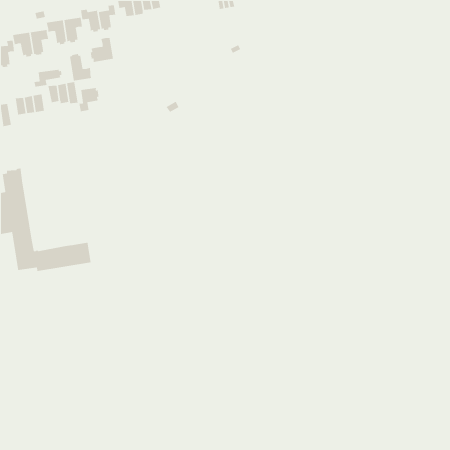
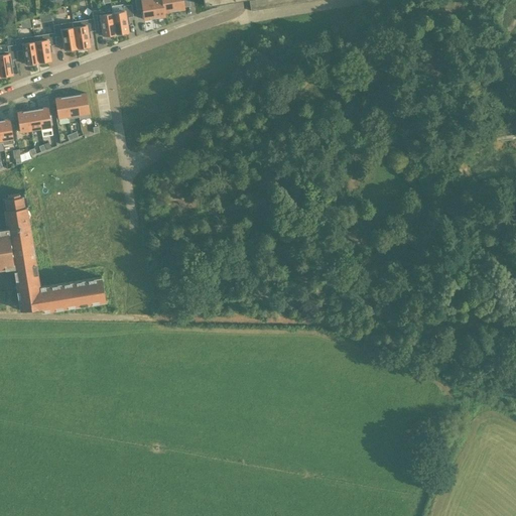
building: [90,37,114,63] -> none
building: [69,53,92,81] -> none
building: [34,69,63,88] -> none
building: [78,87,99,112] -> none

